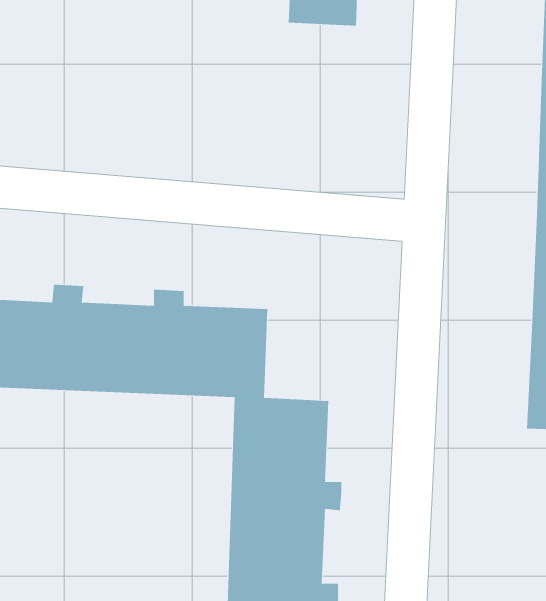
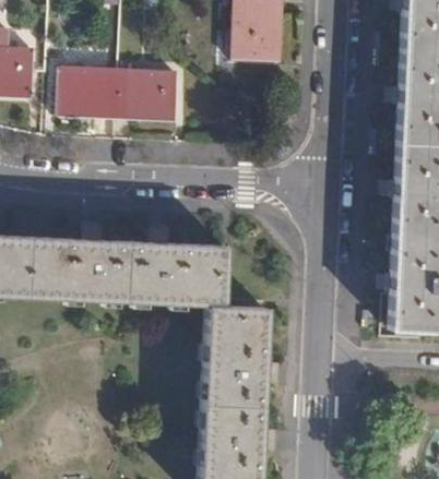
building: none -> [59,65,175,117]

